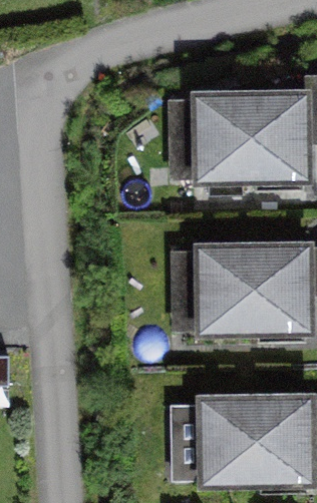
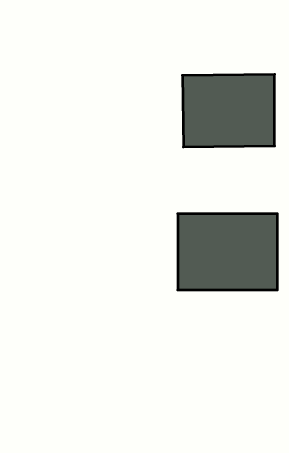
building: [194,395,310,485] -> none

